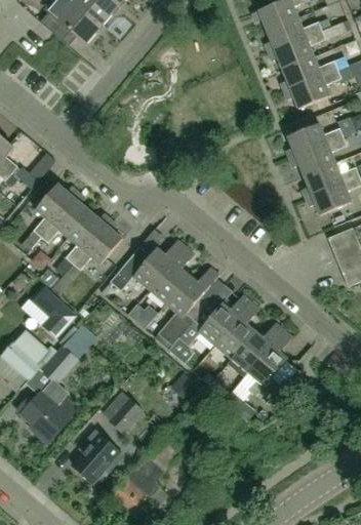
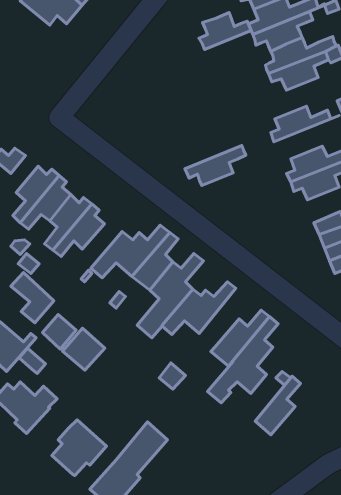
building: none -> [199,13,251,50]
building: [288,136,348,175] -> [185,146,246,186]
building: [215,301,259,359] -> [255,376,300,435]
building: [103,392,144,433] -> [63,328,105,370]

